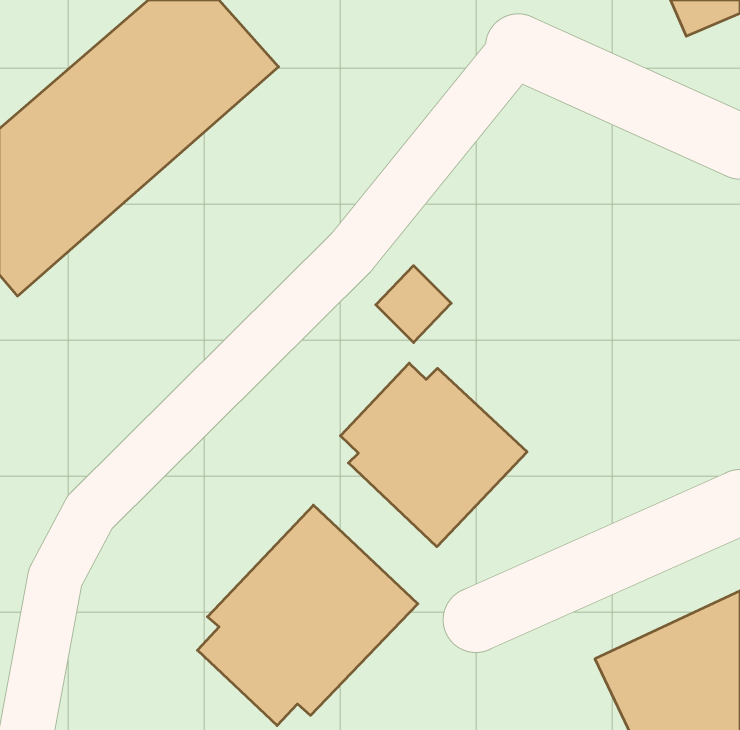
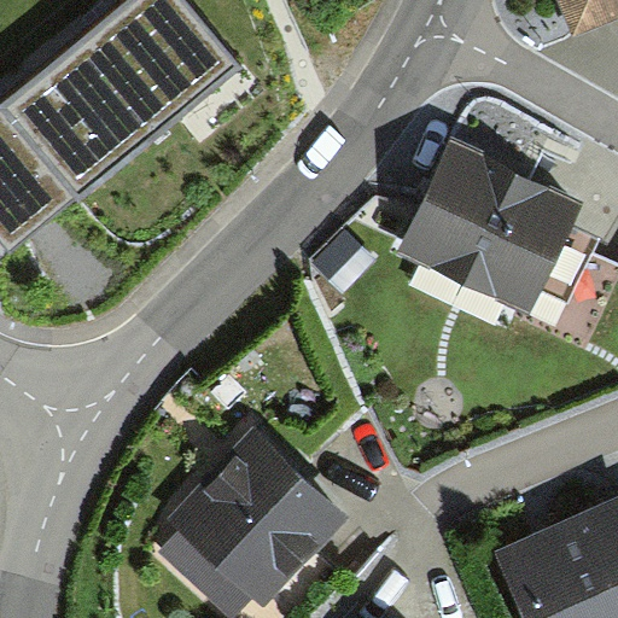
building: none -> [389,133,599,317]
building: [340,363,527,547] -> none

